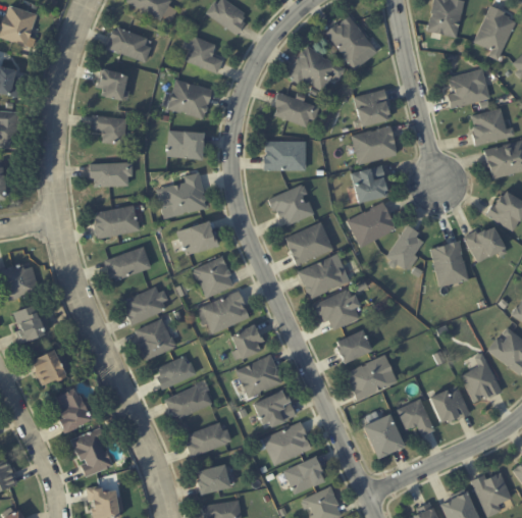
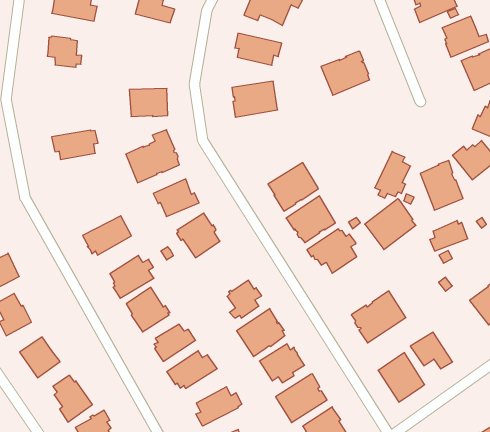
building: [162,79,212,118] -> none
building: [353,89,390,126] -> none
building: [92,114,126,144] -> none
building: [352,164,387,203] -> none
building: [269,185,314,224] -> none
building: [348,201,396,247] -> [365,199,416,250]
building: [94,205,140,239] -> none
building: [194,291,248,333] -> none
building: none -> [430,220,468,251]
building: [335,330,371,363] -> none
building: [430,384,469,421] -> none

